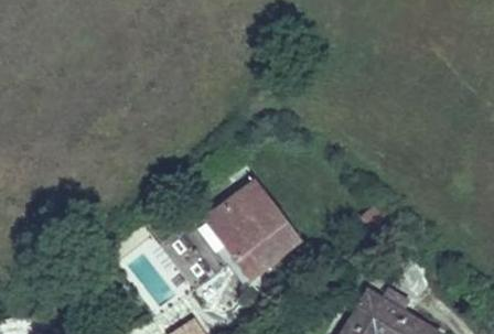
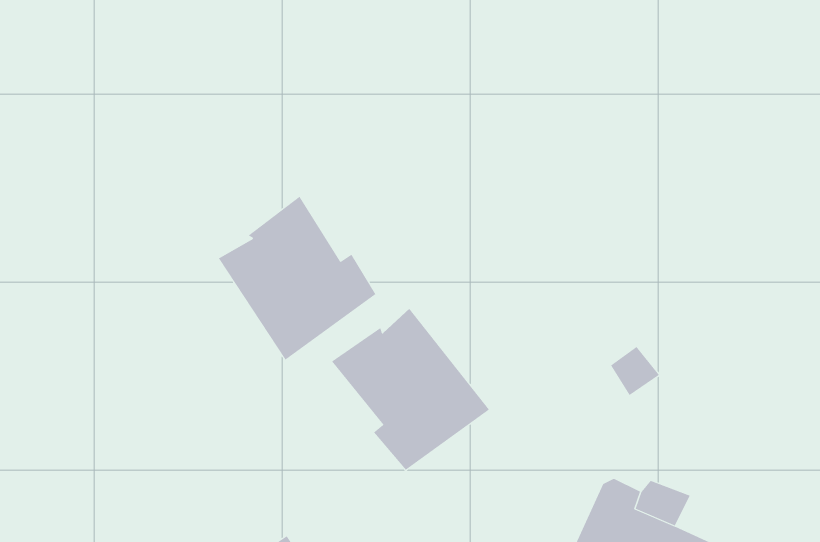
building: none -> [218,196,376,360]

